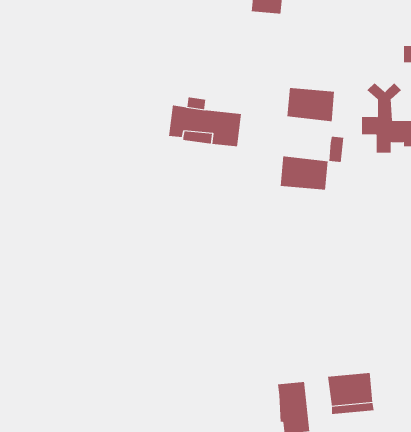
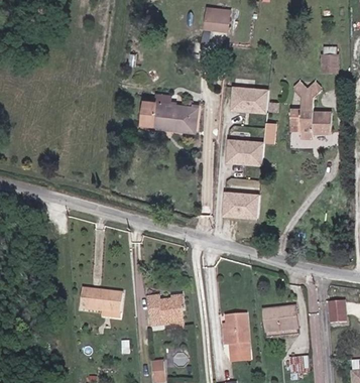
building: none -> [223,191,259,219]
building: none -> [80,287,123,317]
building: none -> [147,294,186,329]

